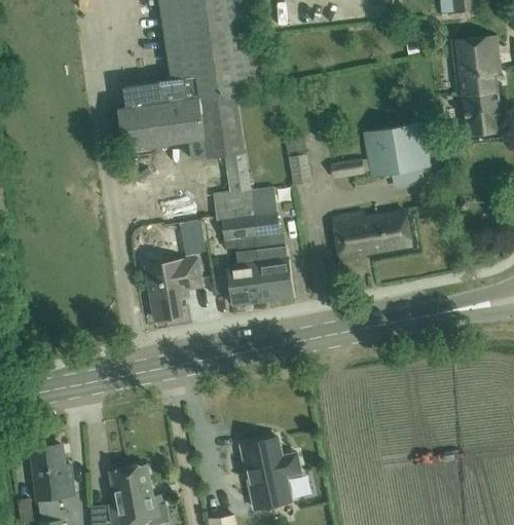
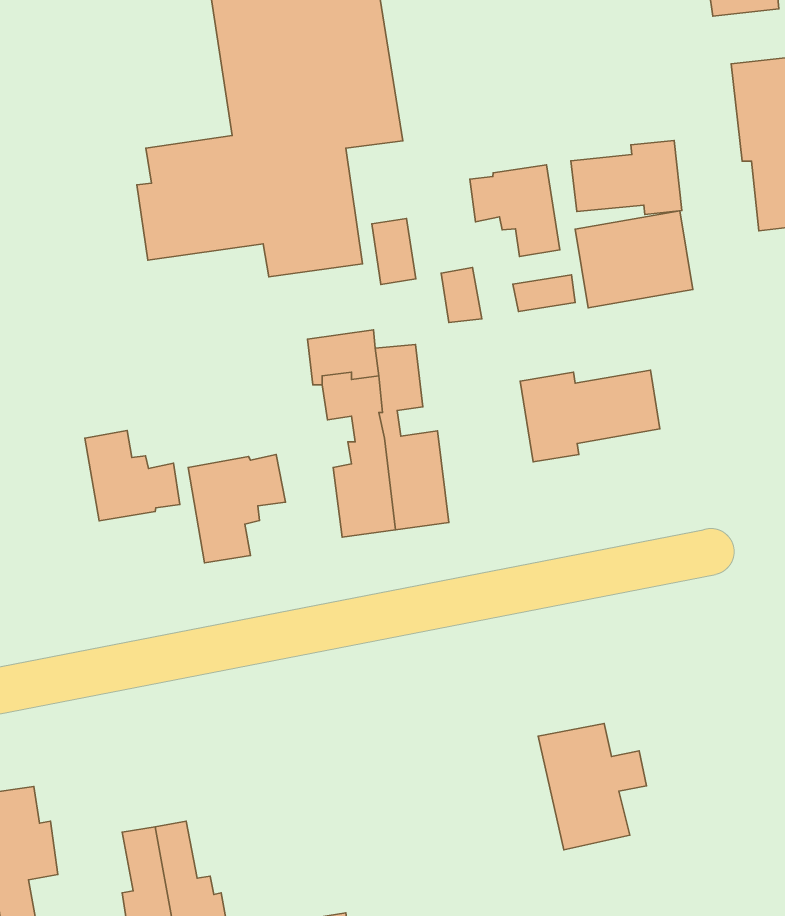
building: none -> [571,141,682,215]
building: none -> [470,165,560,257]
building: [225,154,250,191] -> [372,218,416,284]
building: [181,220,205,254] -> none
building: none -> [85,430,180,521]
building: [240,438,300,509] -> [538,723,646,850]

